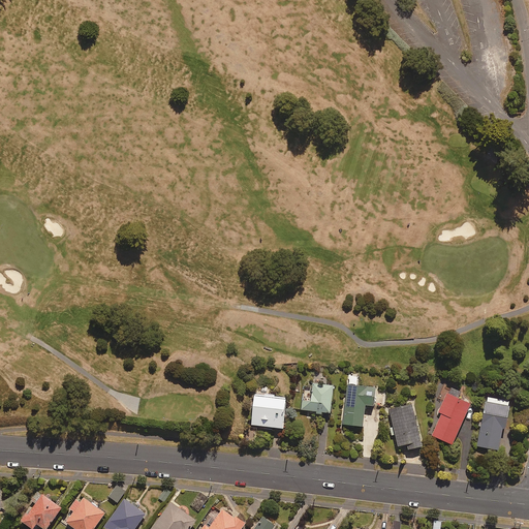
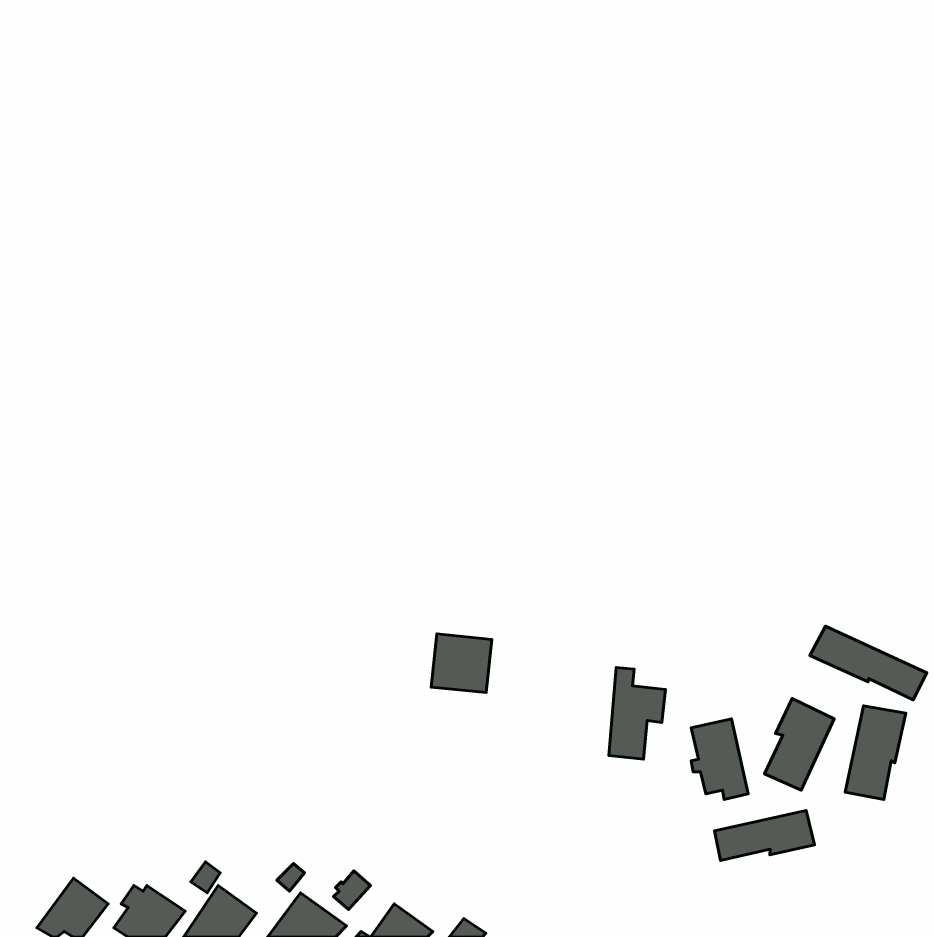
building: none -> [810,626,927,700]
building: [302,383,333,415] -> none
building: [251,396,285,429] -> [431,634,492,693]
building: none -> [715,811,814,860]

